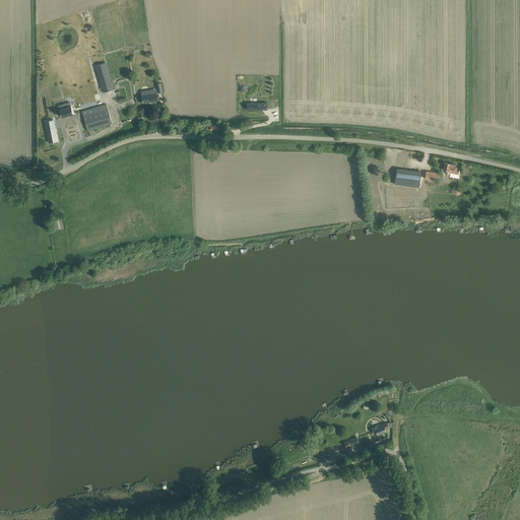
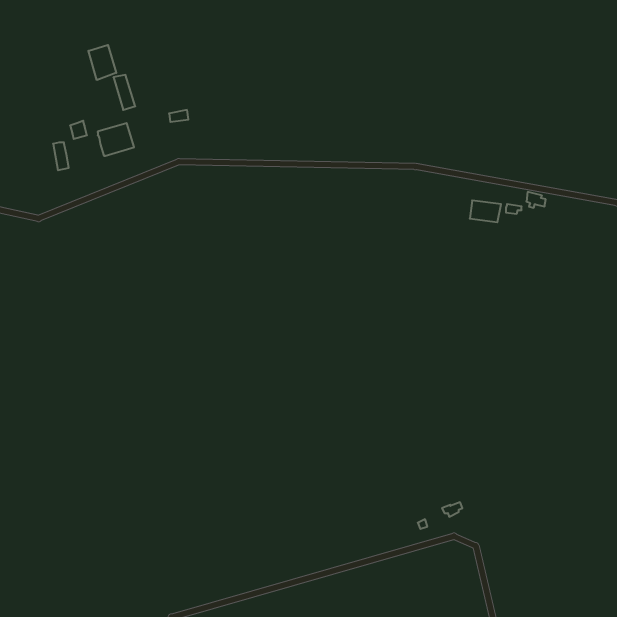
building: none -> [88,45,116,80]

